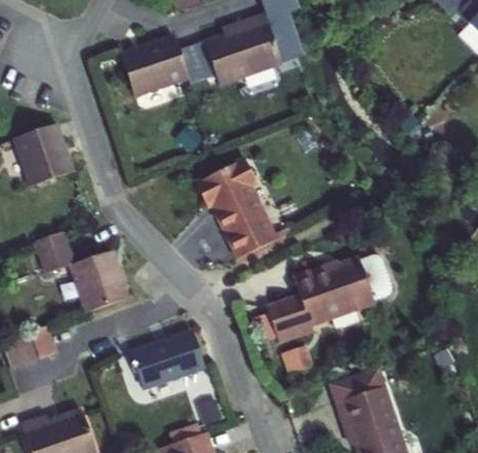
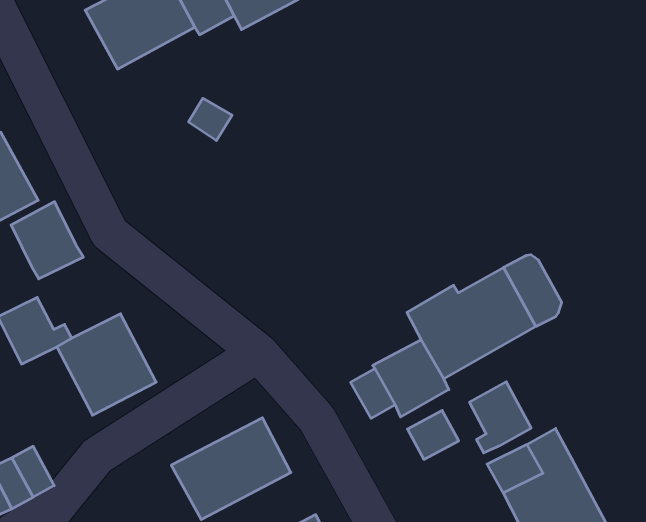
building: [195,160,276,258] -> none
building: none -> [11,202,83,279]
building: none -> [470,382,531,453]

